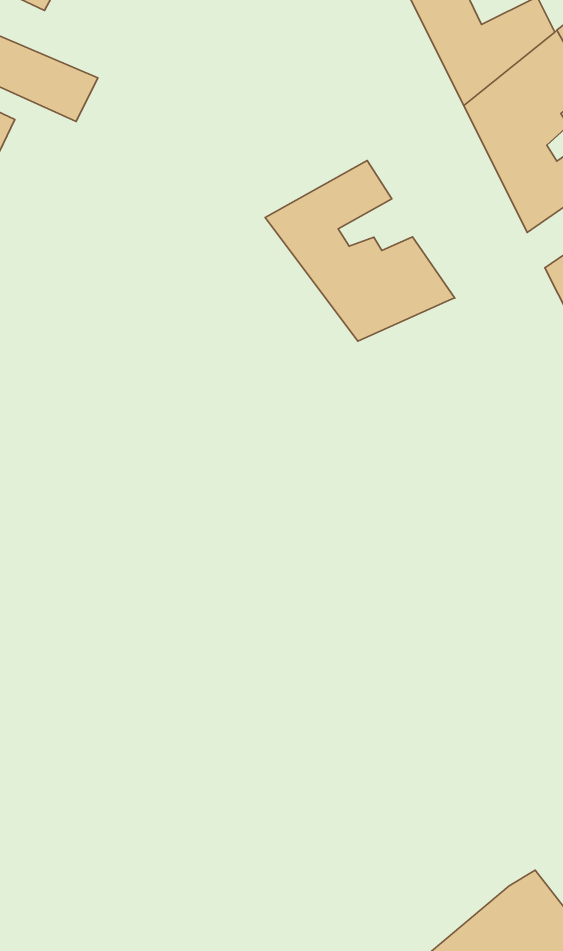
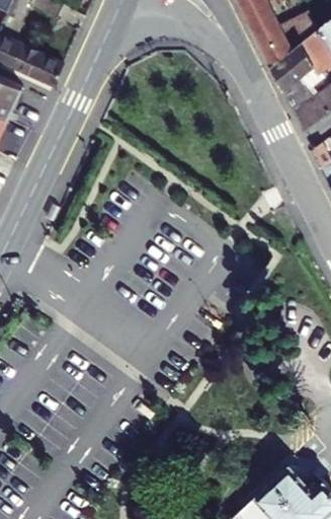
building: [265,160,455,341] -> none

